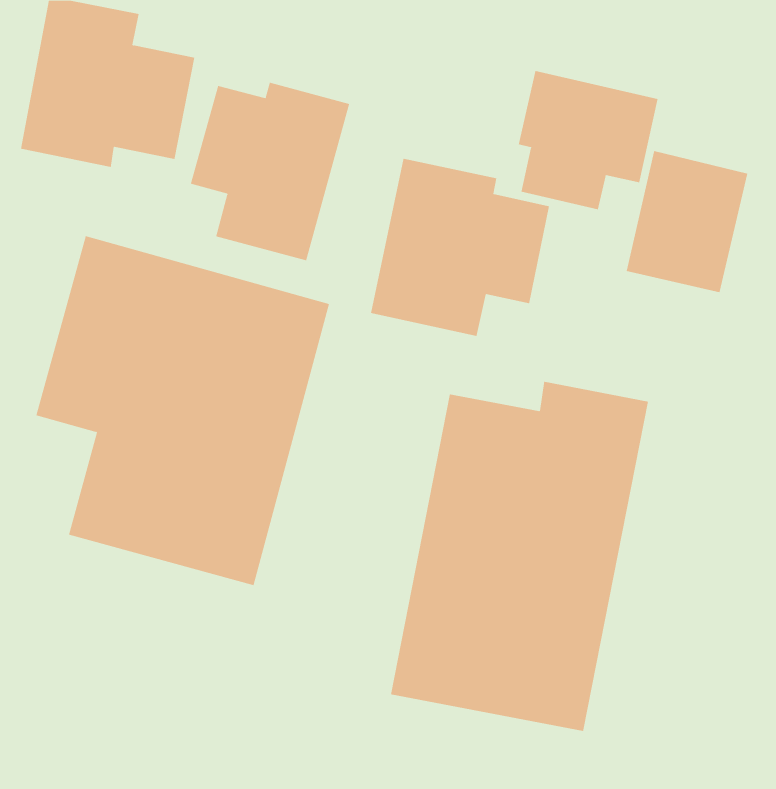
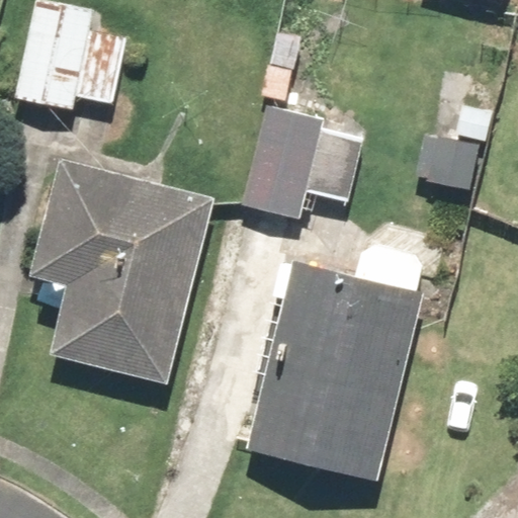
building: [518,70,658,210] -> none
building: [190,82,350,261] -> none

